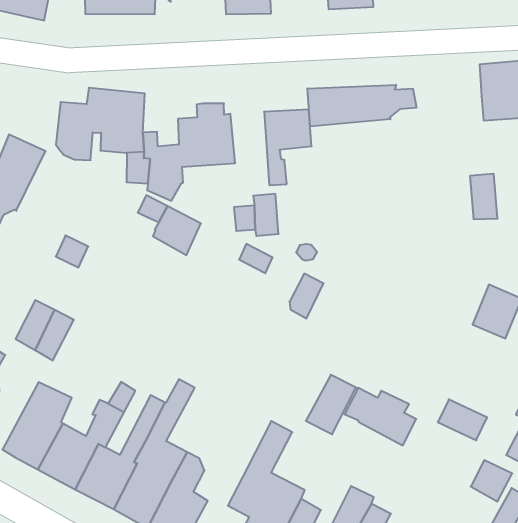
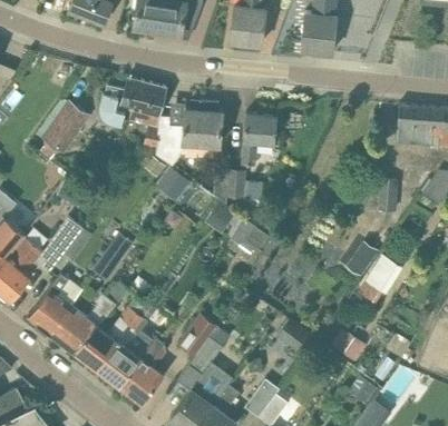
building: [307,85,416,127] -> none
building: none -> [343,238,378,277]
building: none -> [91,234,133,281]
building: [306,375,357,434] -> [178,315,217,356]

